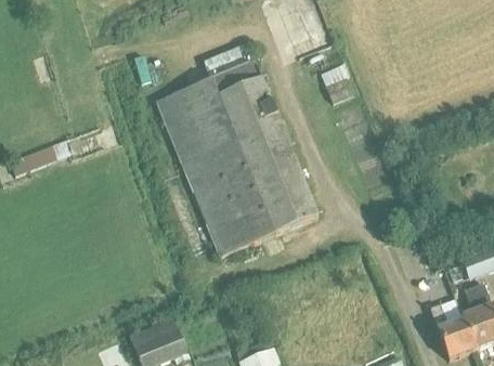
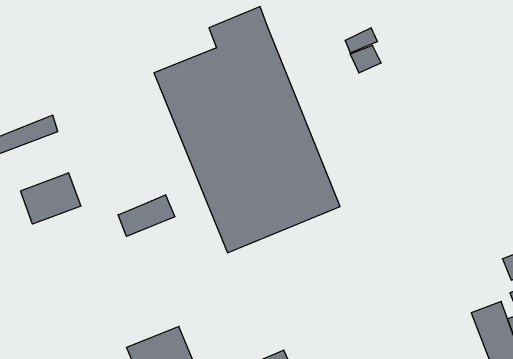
building: none -> [20,173,81,224]
building: none -> [118,195,175,236]

